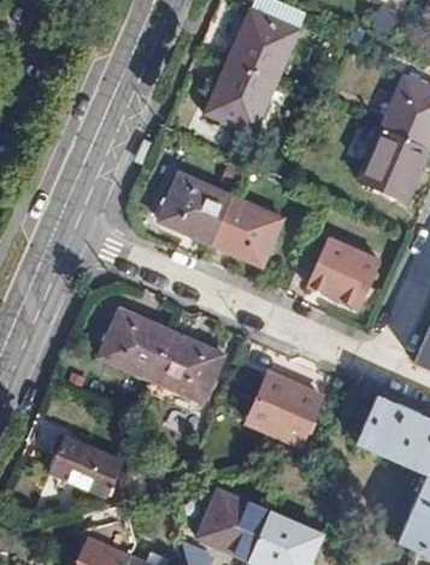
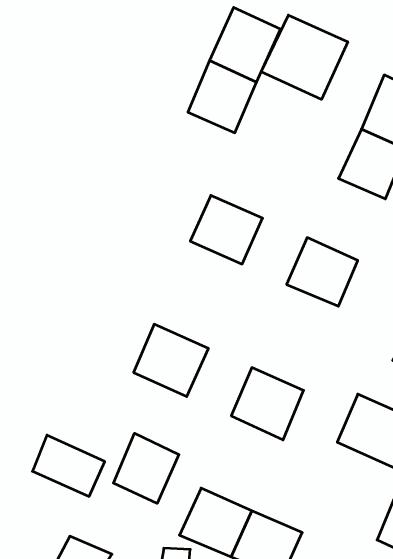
building: none -> [261,15,348,99]
building: [158,176,230,243] -> none
building: [102,305,173,375] -> none
building: none -> [113,433,179,503]

